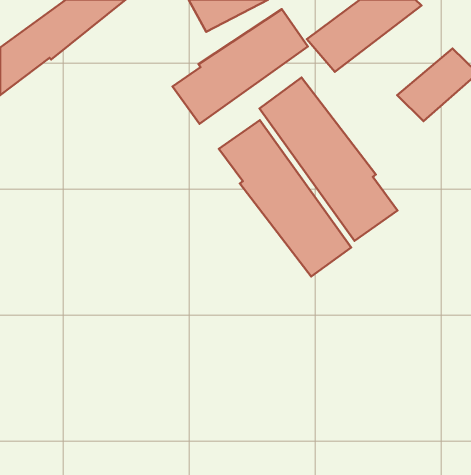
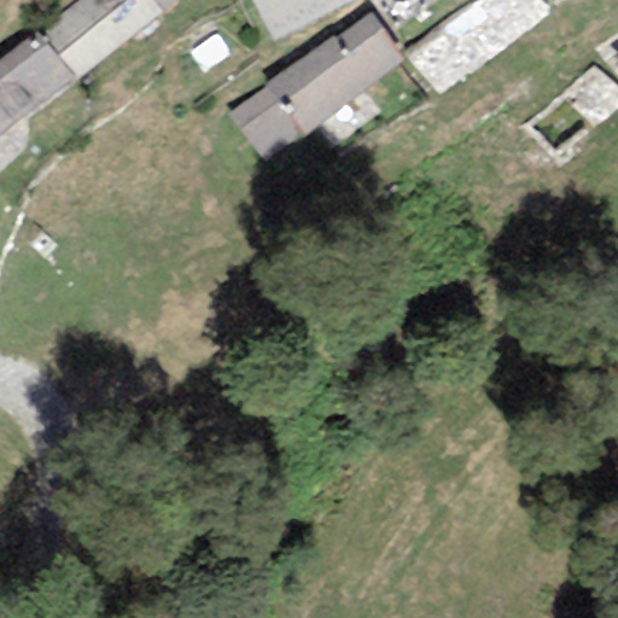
building: [260,78,398,241] -> none
building: [219,120,351,277] -> none

